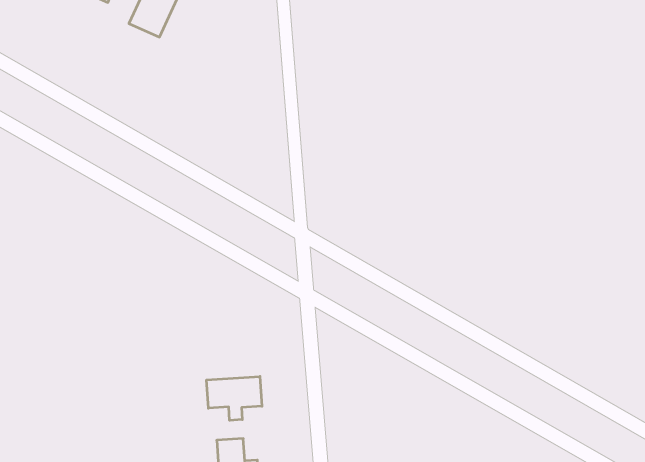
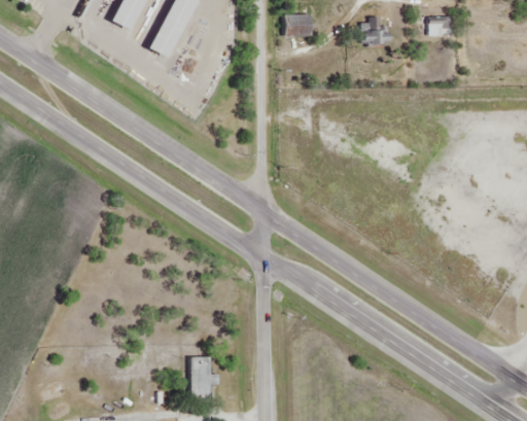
building: [207,376,262,420] -> none

